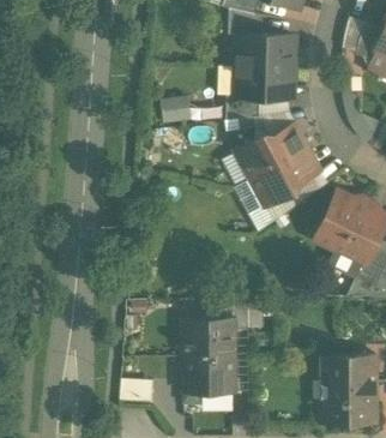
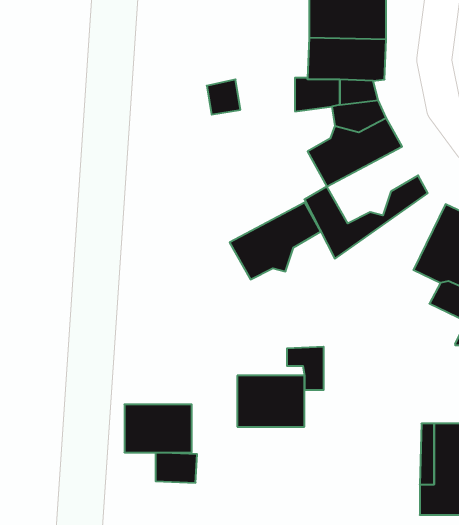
building: [252,146,320,204] -> [230,203,321,279]
building: [185,356,235,392] -> [124,404,192,452]

